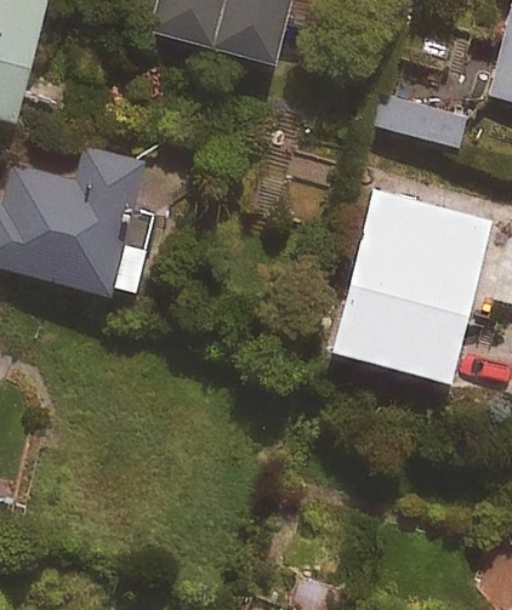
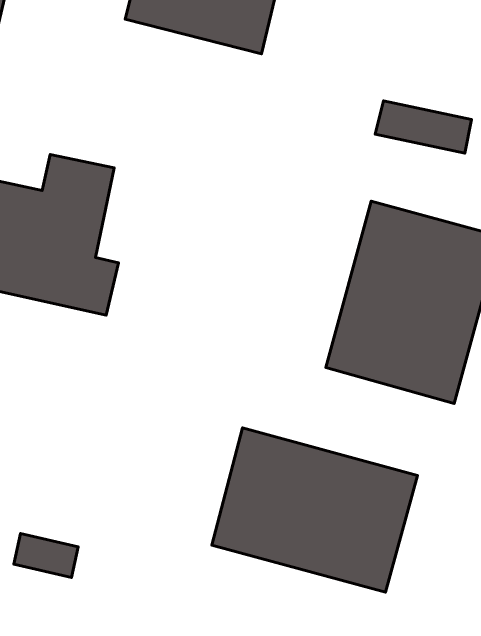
building: none -> [212,428,417,592]

